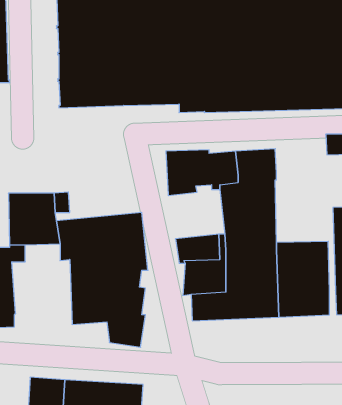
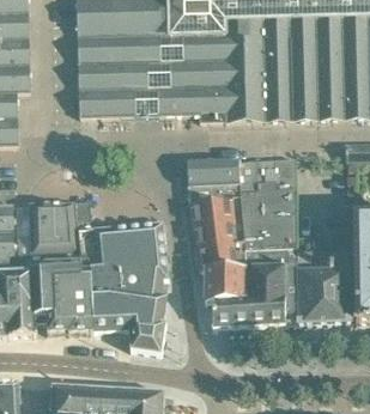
building: none -> [189,193,245,246]
building: none -> [34,251,93,333]

